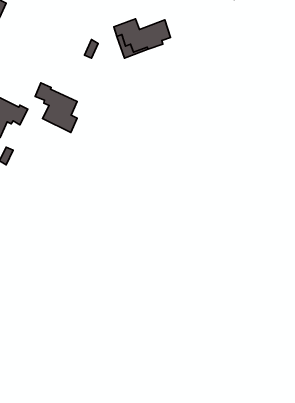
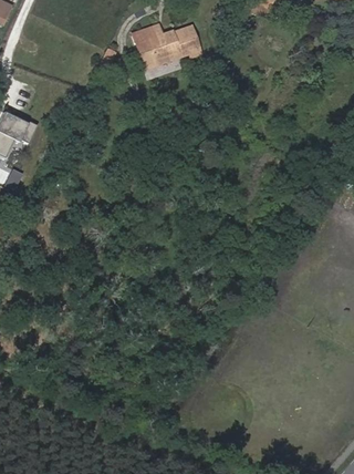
building: [35,83,77,132] -> none

